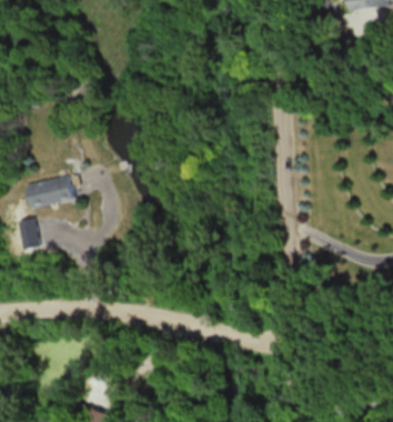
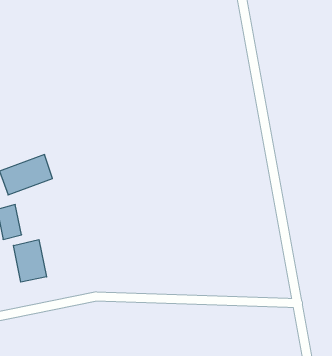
building: none -> [13,240,47,282]

